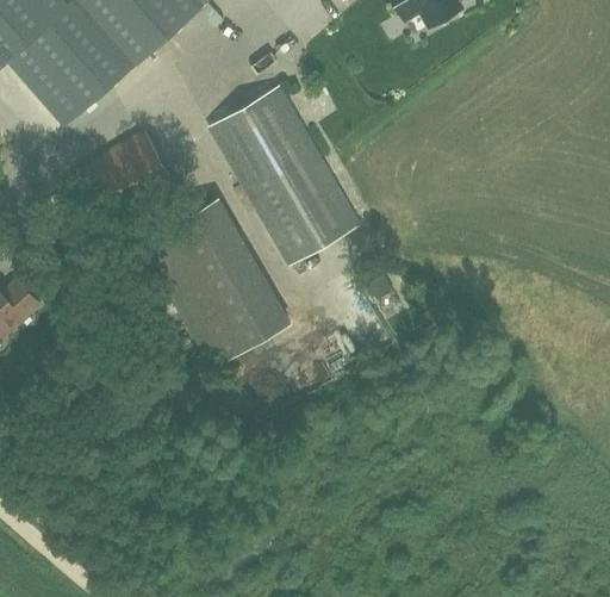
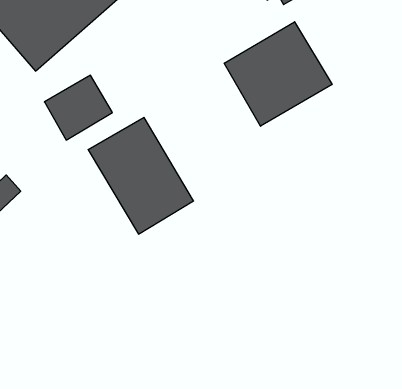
building: none -> [224,22,332,126]
building: [208,88,360,266] -> none

